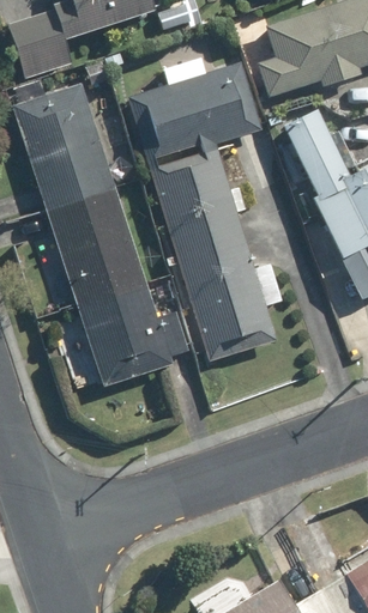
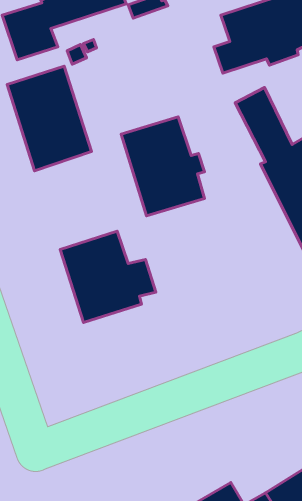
building: [128,60,263,168] -> none
building: [47,188,144,303] -> none
building: [179,243,282,364] -> none

